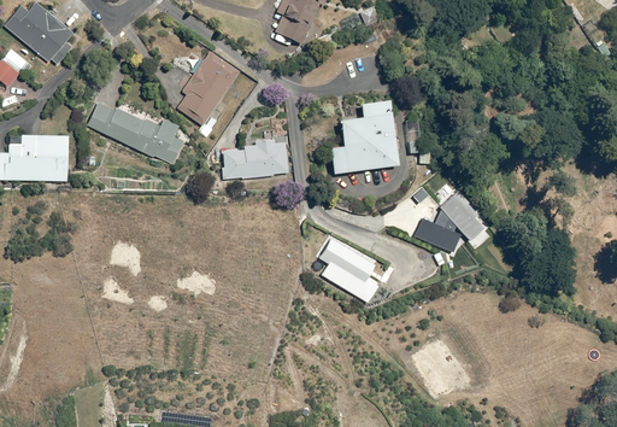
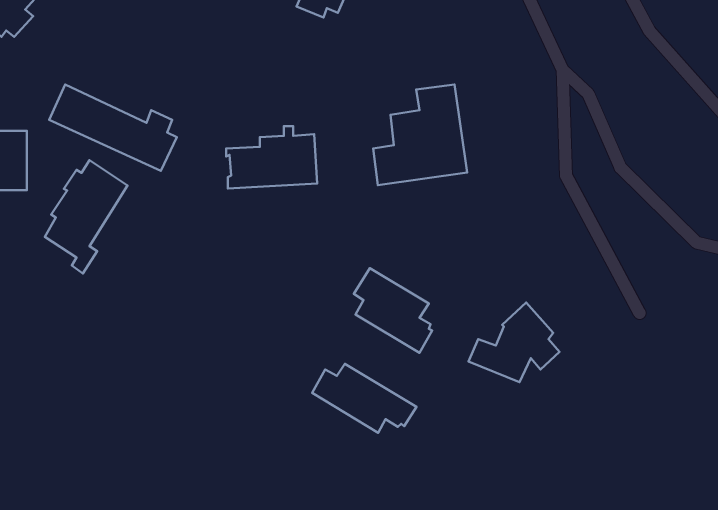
building: [175,49,237,135] -> [45,160,128,273]
building: [411,191,480,251] -> [469,302,560,382]
building: none -> [312,364,417,433]

